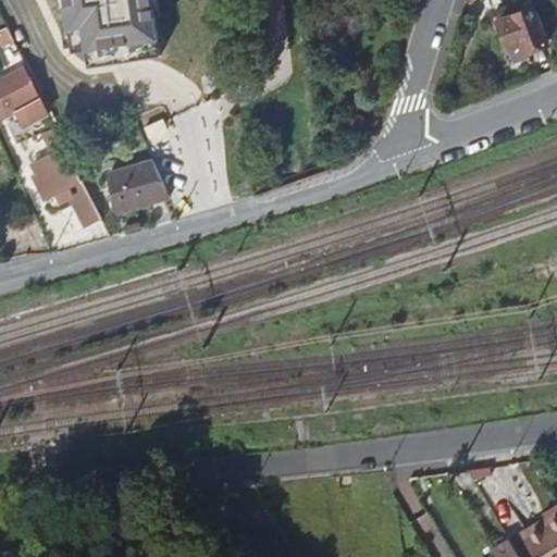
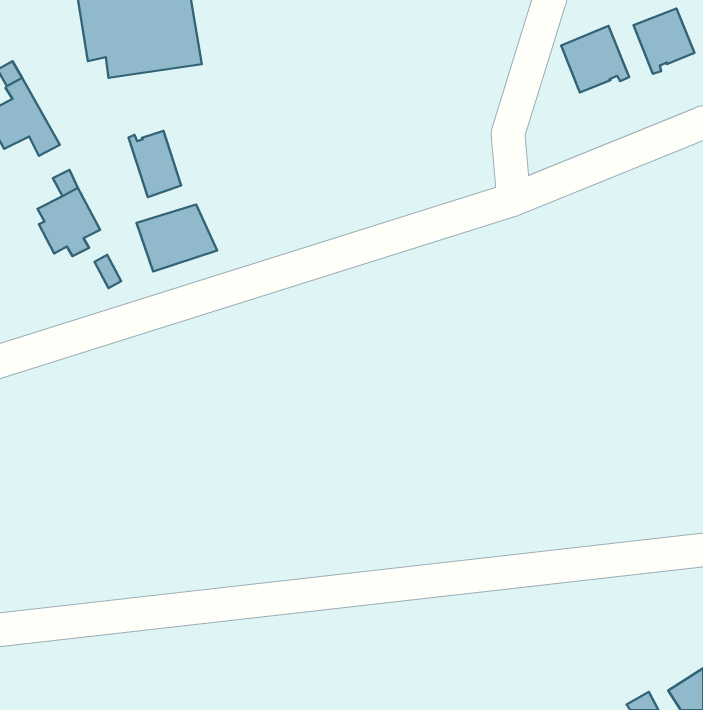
building: none -> [561,26,629,92]
building: none -> [128,131,181,197]

